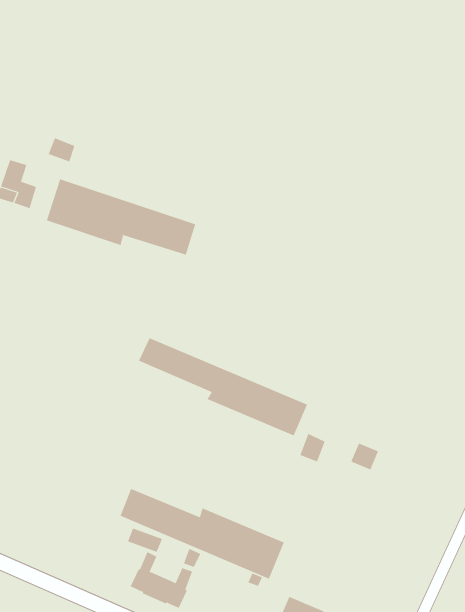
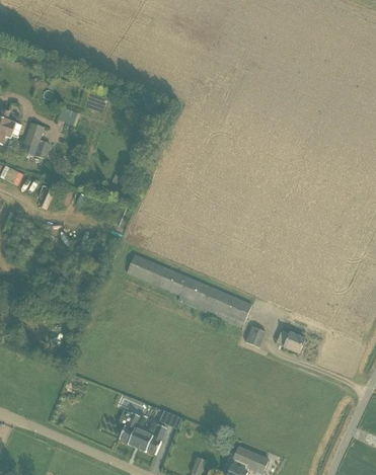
building: [46,178,196,256] -> none
building: [120,488,284,579] -> none

